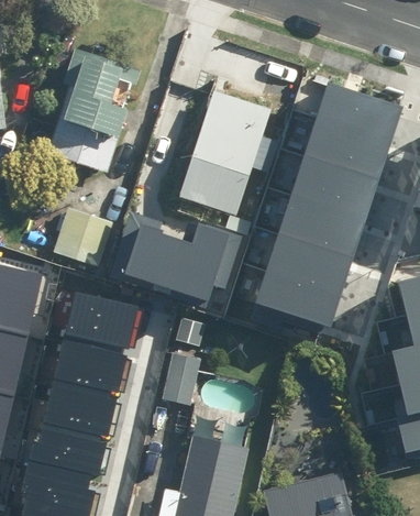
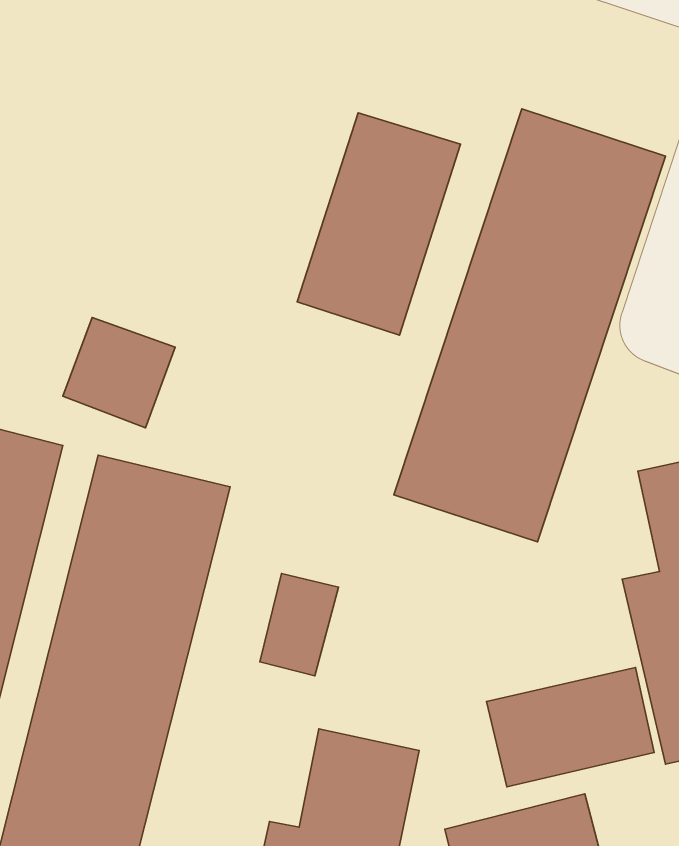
building: [53,48,145,174] -> none
building: [115,199,237,303] -> none
building: none -> [487,667,654,787]

